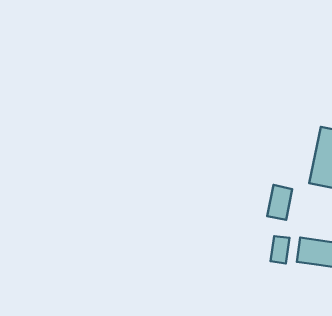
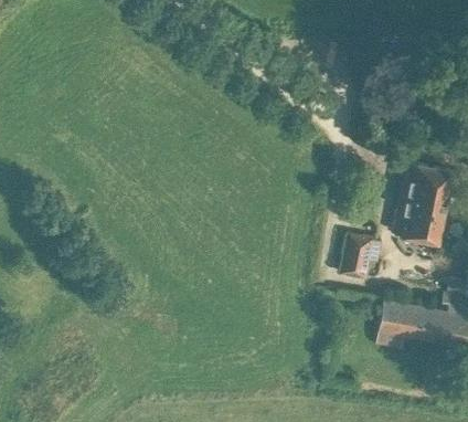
building: [271,236,290,263] -> none

